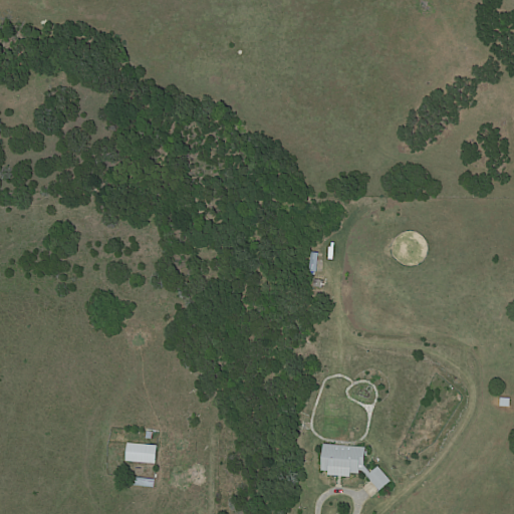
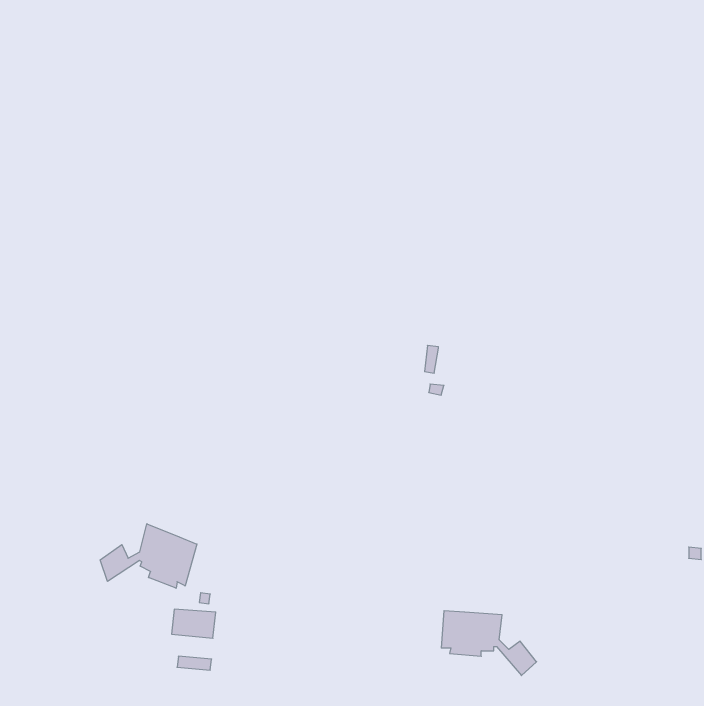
building: none -> [100,524,197,588]

